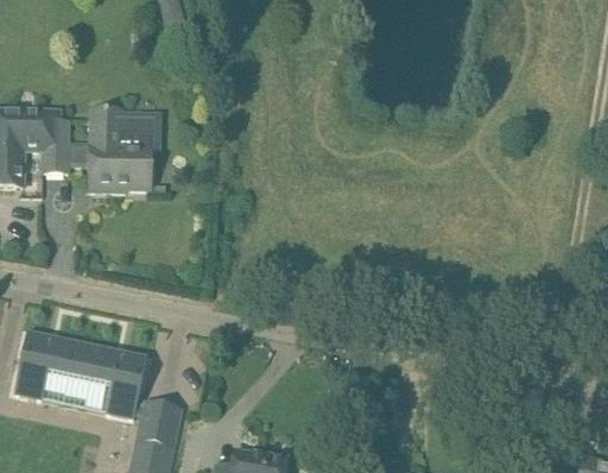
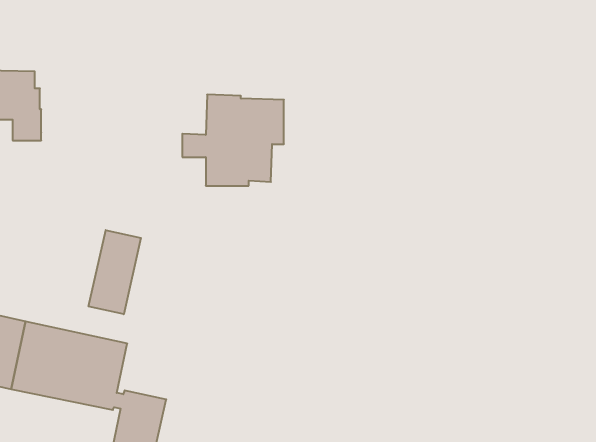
building: [68,107,160,190] -> [182,95,284,186]
building: none -> [89,230,141,314]

